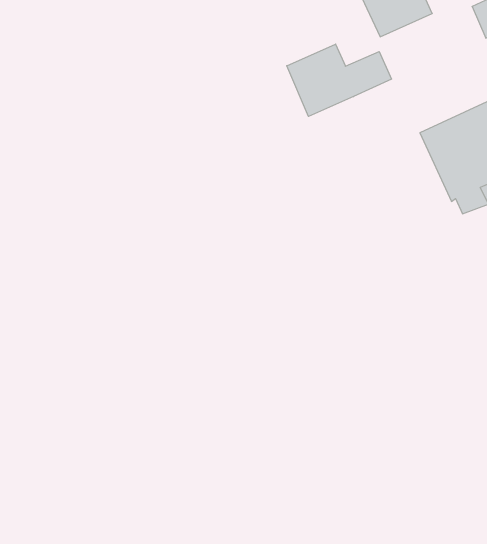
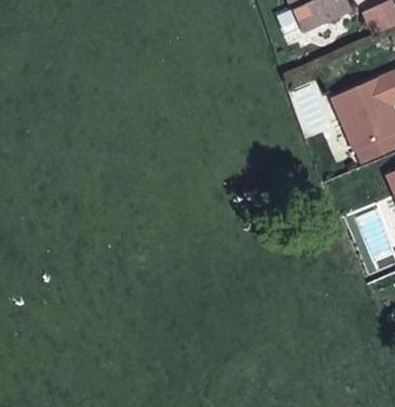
building: [287,44,392,116] -> none

